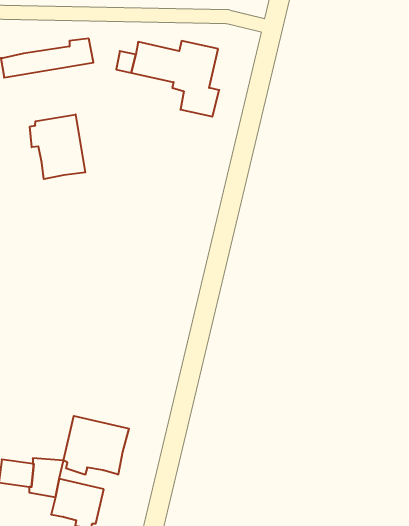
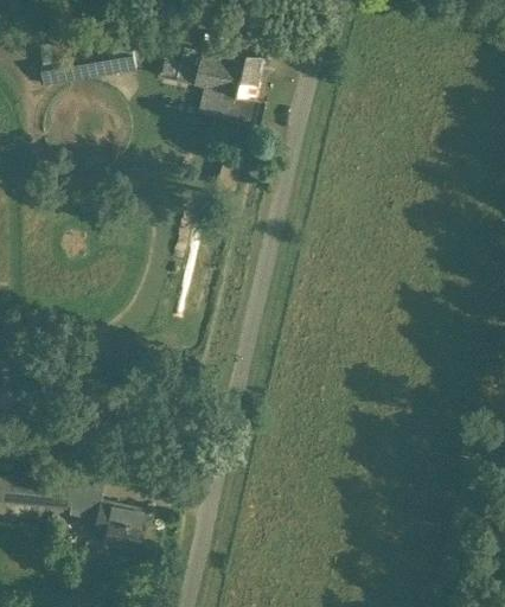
building: [30,114,85,179] -> none
building: [64,416,129,475] -> none

